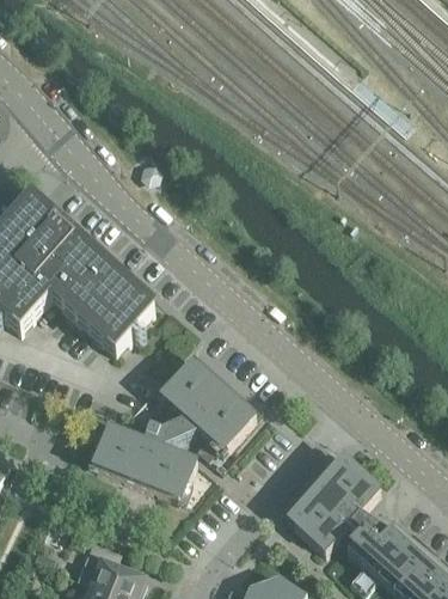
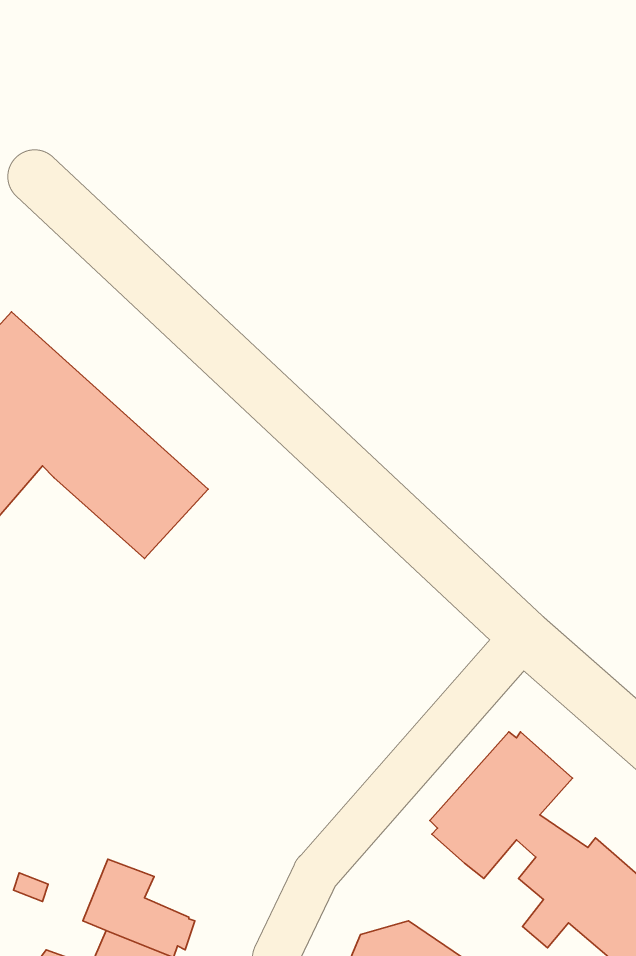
building: [91,356,253,496] -> none

